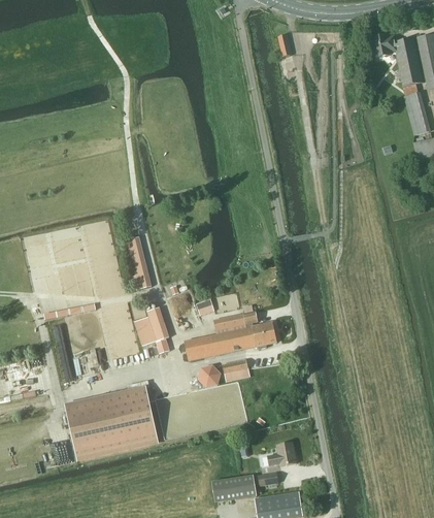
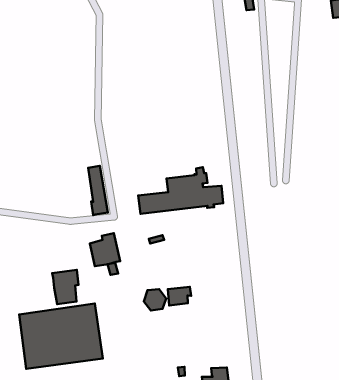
building: [183,304,275,360] -> [138,167,223,214]
building: none -> [52,270,78,304]

